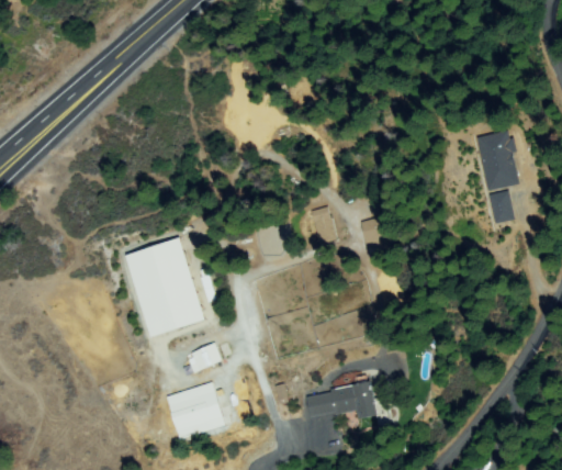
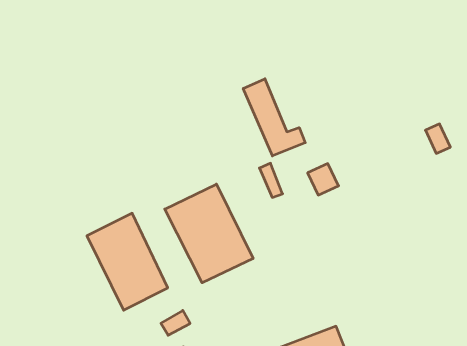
building: none -> [243,79,305,156]
building: [475,132,516,190] -> none
building: none -> [165,184,253,283]

